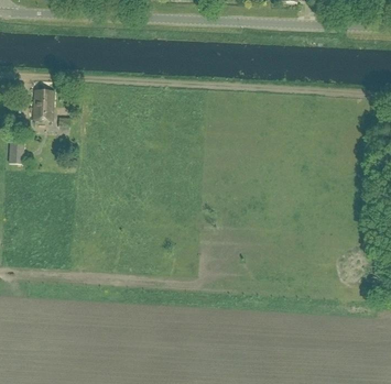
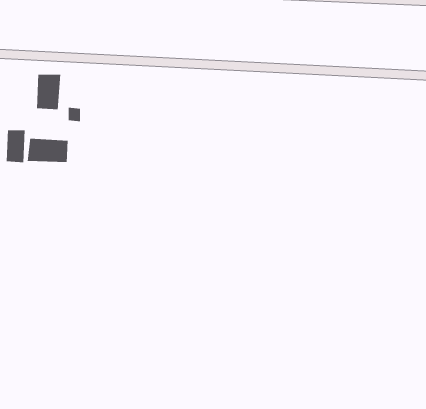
building: none -> [27,138,68,163]

